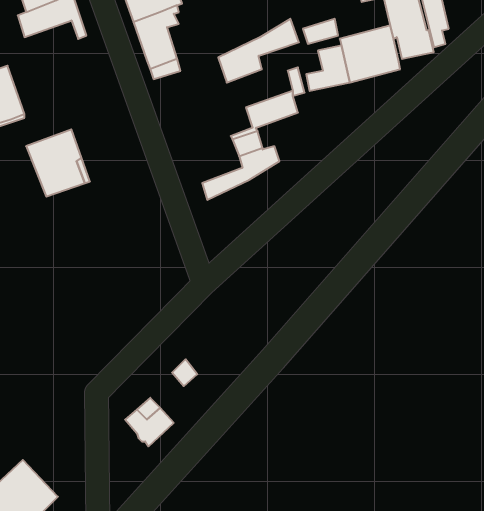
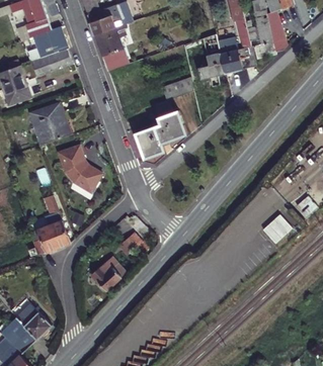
building: [218,19,299,83] -> [140,120,188,159]
building: none -> [29,47,71,74]
building: none -> [59,143,104,190]
building: none -> [29,192,70,251]
building: none -> [263,217,294,247]

